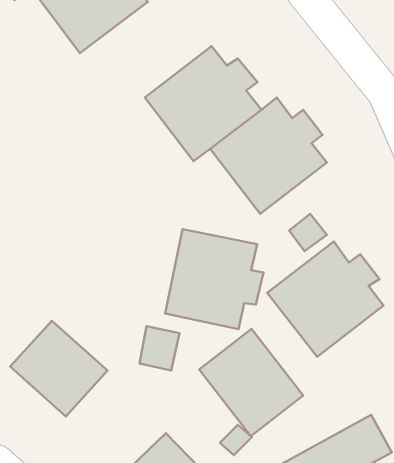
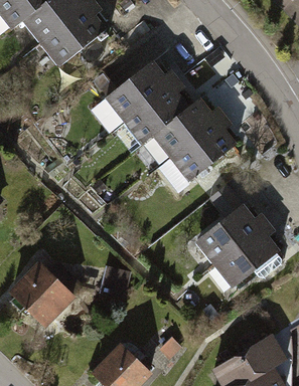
building: [165,229,263,329] -> none
building: [199,329,303,436] -> none

